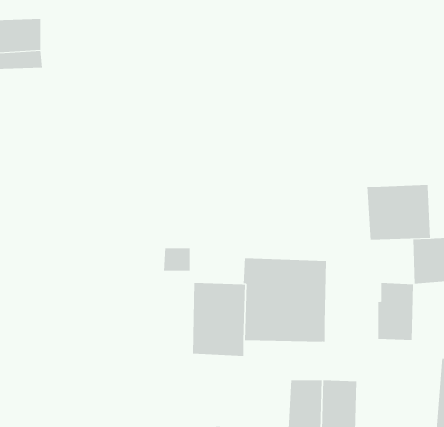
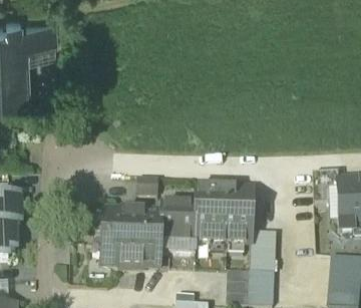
building: [367,184,430,240] -> none
building: none -> [94,203,160,269]
building: [378,283,414,341] -> [250,231,275,271]

